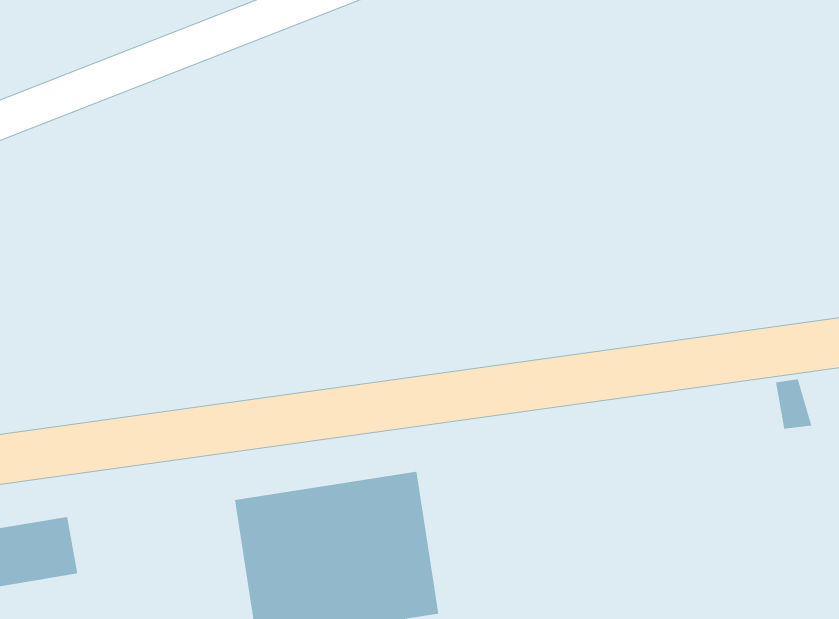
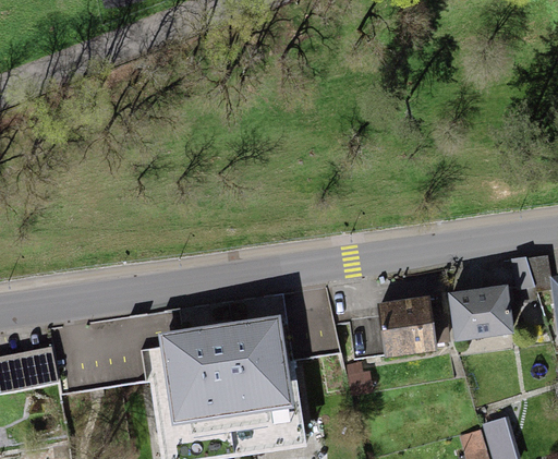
building: none -> [448,286,513,341]
building: none -> [378,297,436,357]

